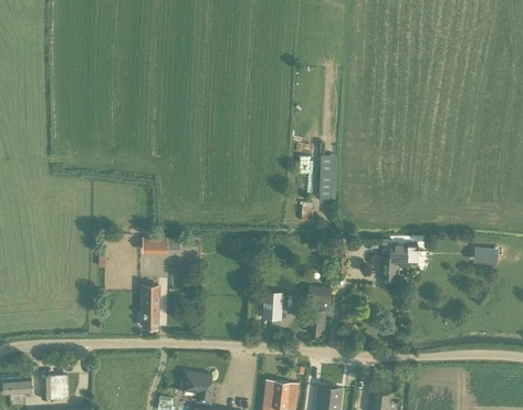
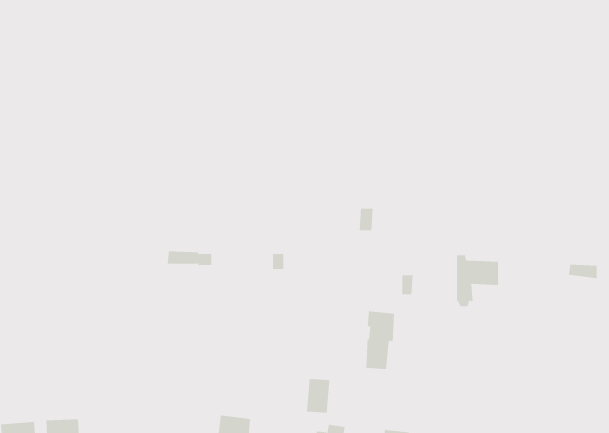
building: [321,167,336,199] -> none
building: [140,286,158,327] -> none
building: [263,291,283,319] -> [306,379,330,413]

